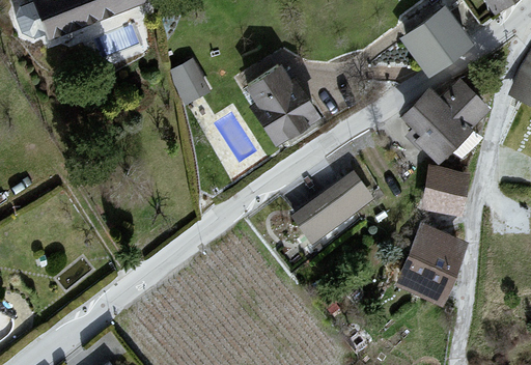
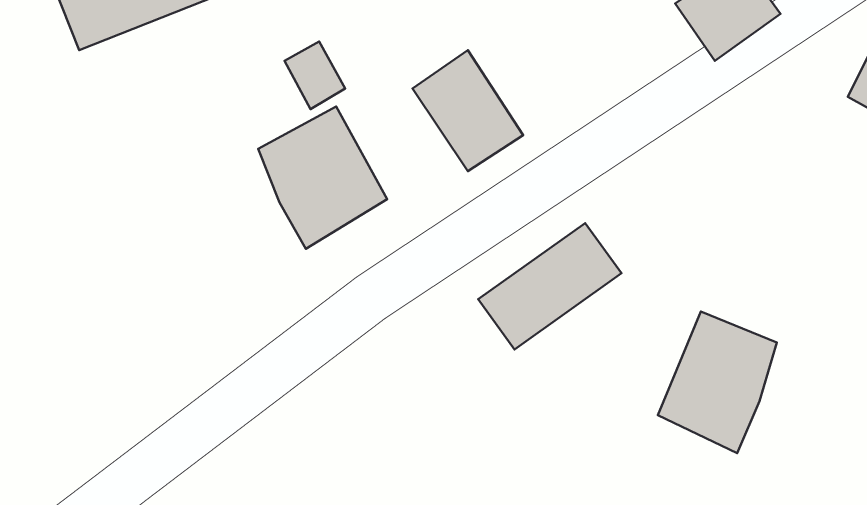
building: [408,80,490,157] -> none
building: none -> [258,107,387,249]
building: [425,163,469,207] -> none

